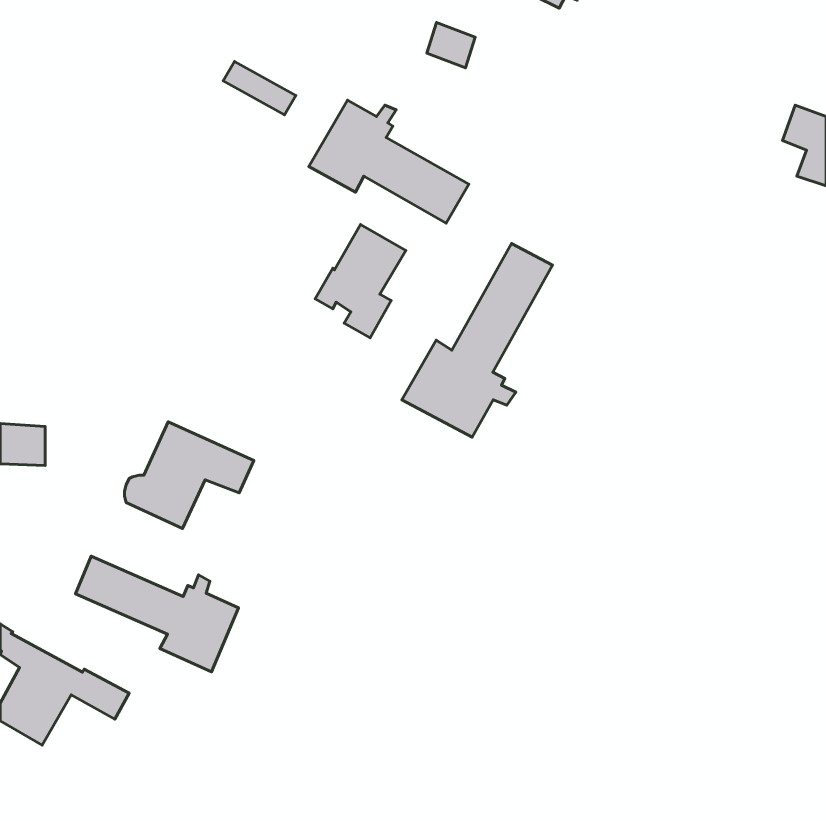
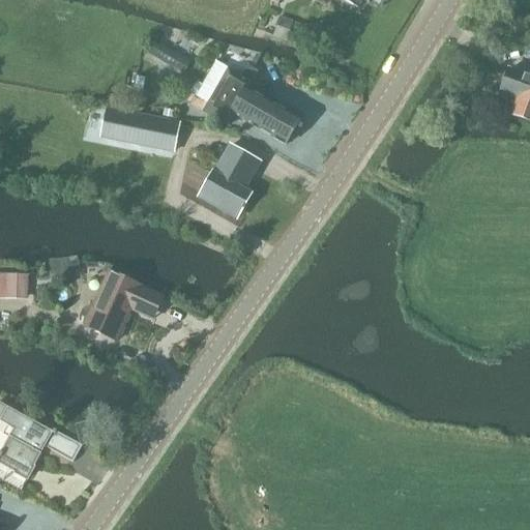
building: none -> [100,105,181,150]
building: [402,243,552,437] -> none
building: [76,556,238,672] -> none

